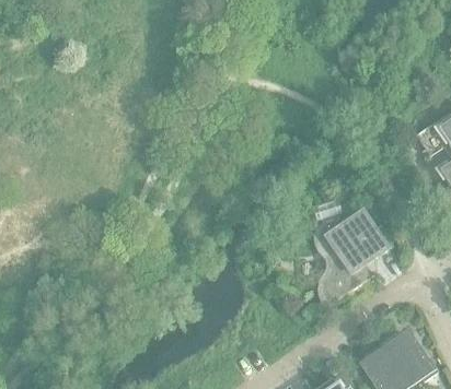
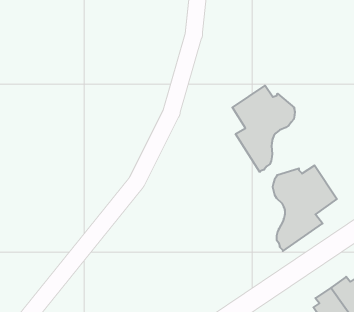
building: none -> [232,86,295,172]

